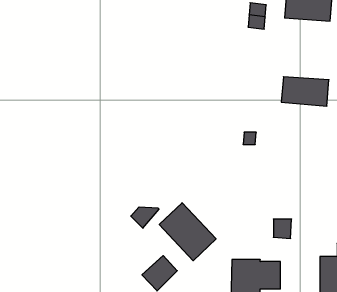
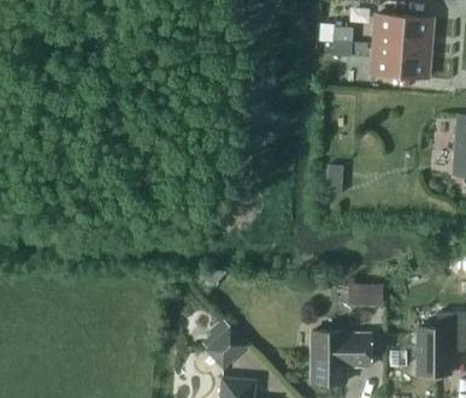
building: [281,77,329,106] -> [372,44,429,79]
building: [159,203,216,261] -> none

